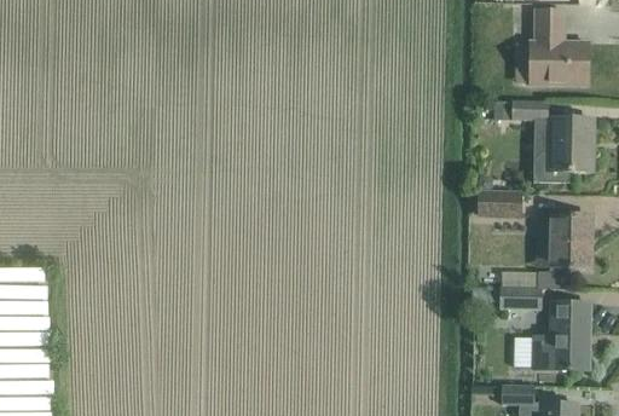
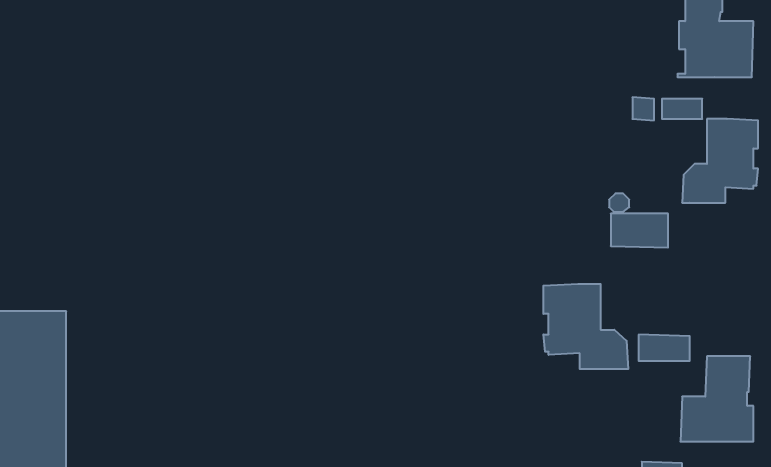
building: [550,214,589,268] -> none
building: none -> [543,284,628,369]

